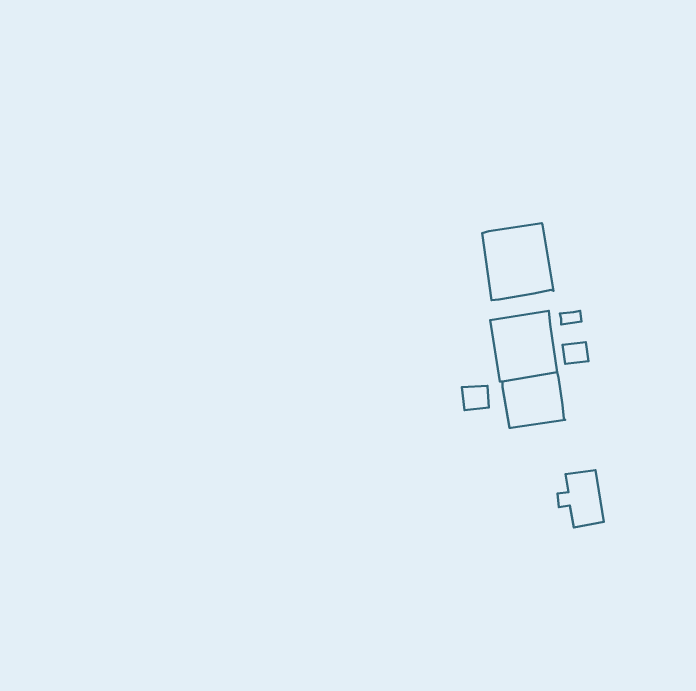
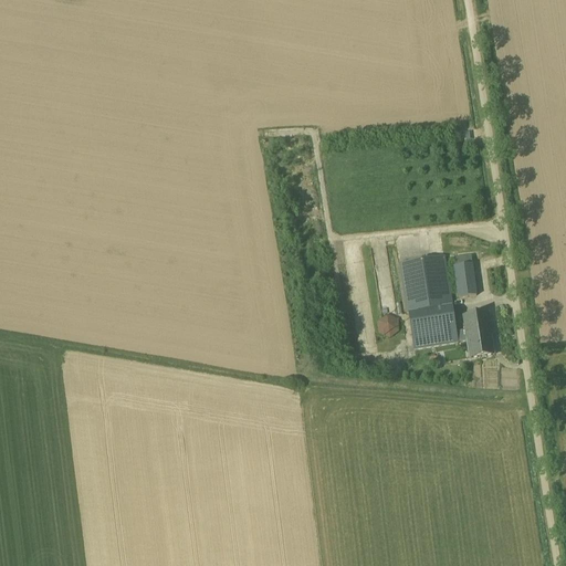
building: [482,223,554,300] -> none
building: [557,470,604,527] -> [457,310,494,356]

